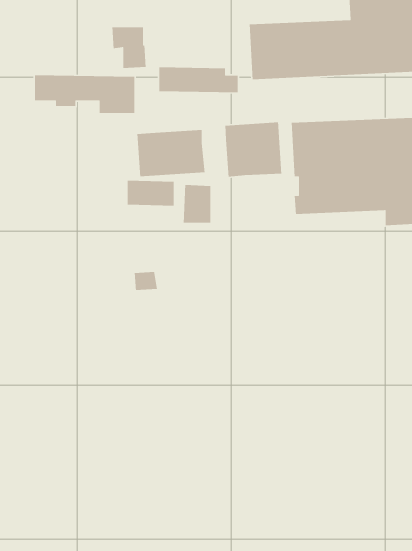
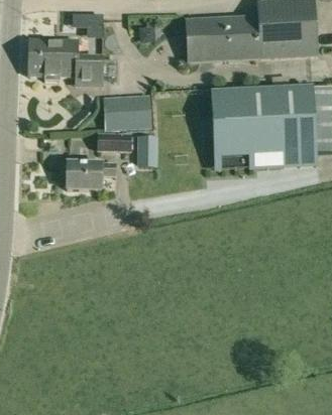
building: [159,67,239,93] -> [29,38,87,57]
building: [224,122,282,178] -> none
building: none -> [66,161,115,189]

